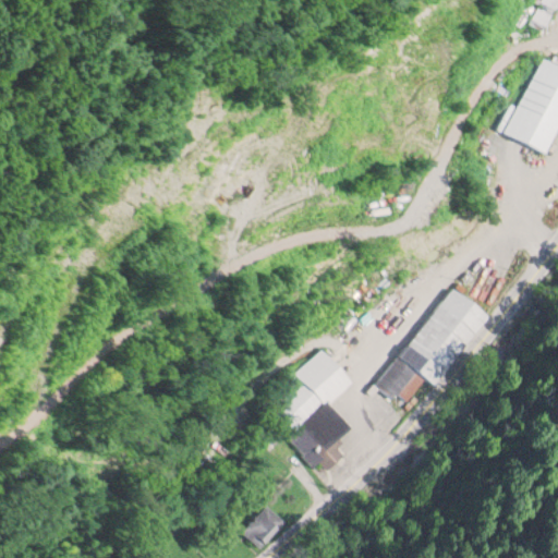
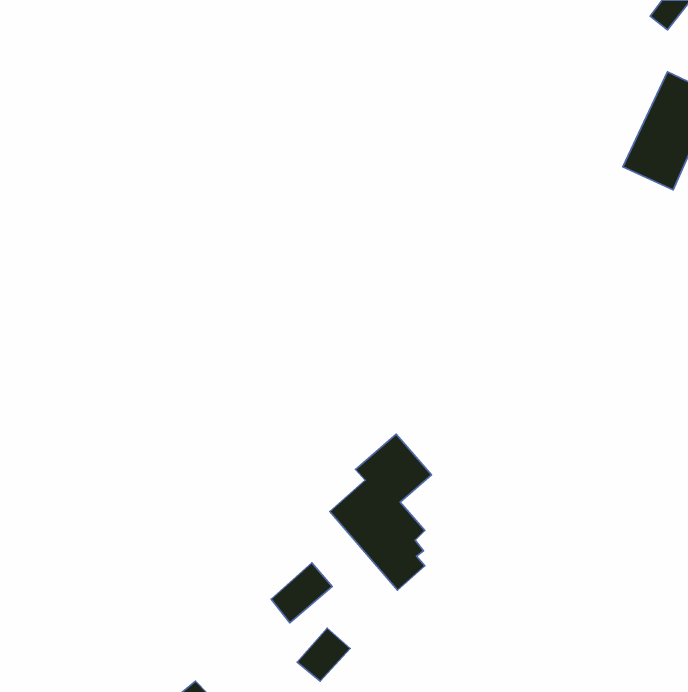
building: [376,287,492,408] -> none
building: none -> [271,563,332,623]

